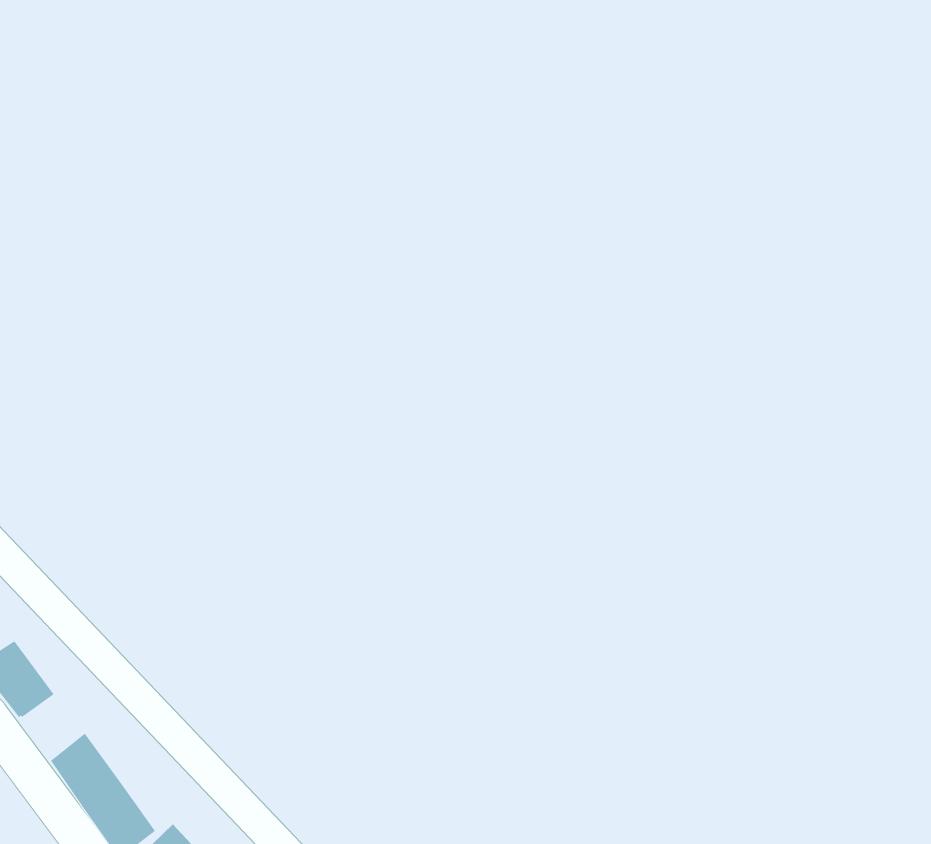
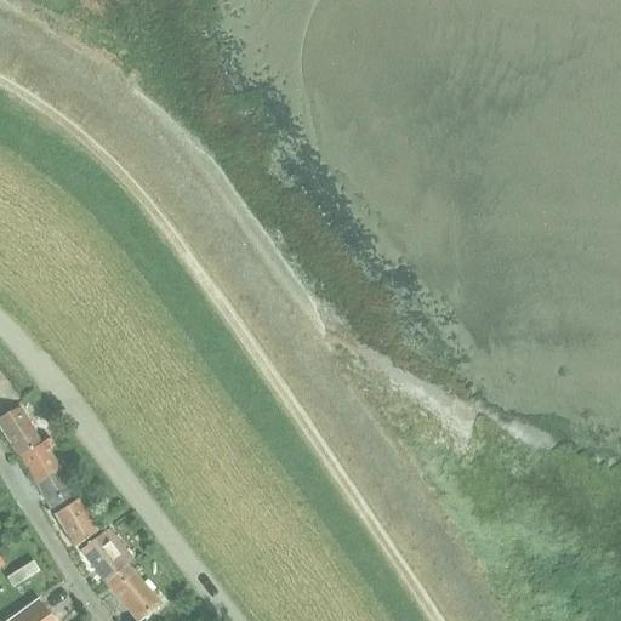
building: none -> [19,437,58,482]

